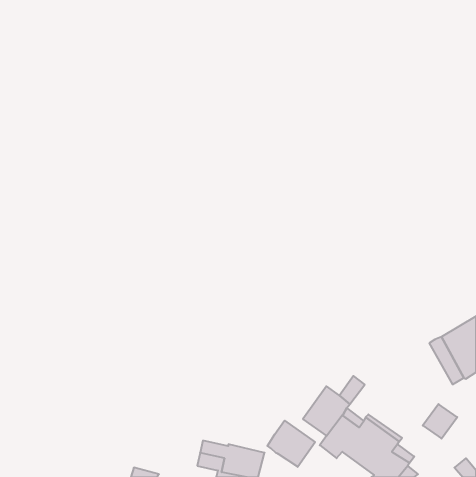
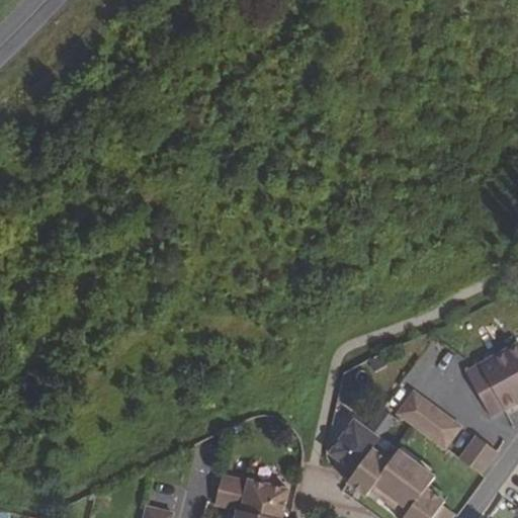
building: none -> [398,392,459,446]
building: [267,421,315,467] -> none

